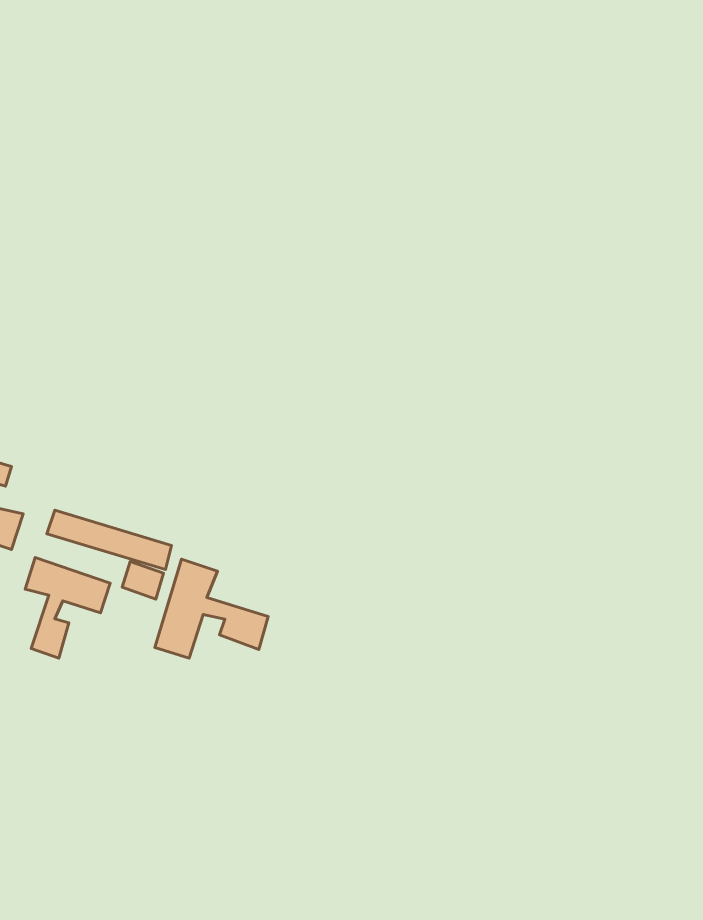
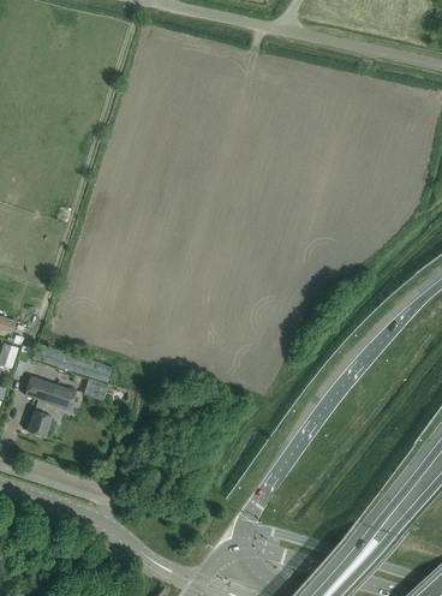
building: [155,559,268,658] -> none

